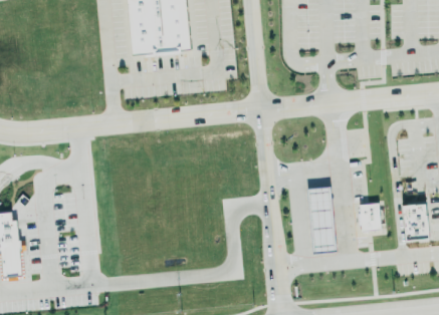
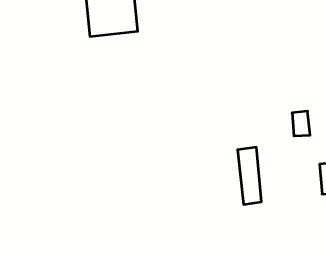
building: [360,201,381,230] -> [292,111,310,136]

